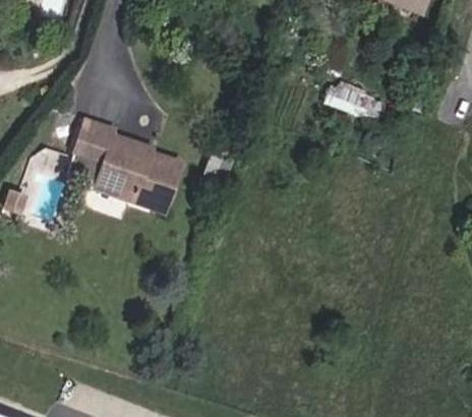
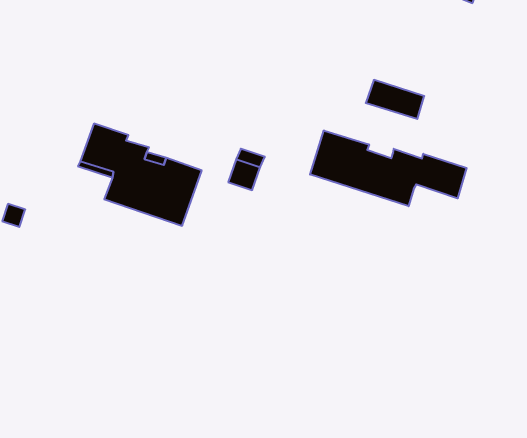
building: none -> [310,130,467,206]

